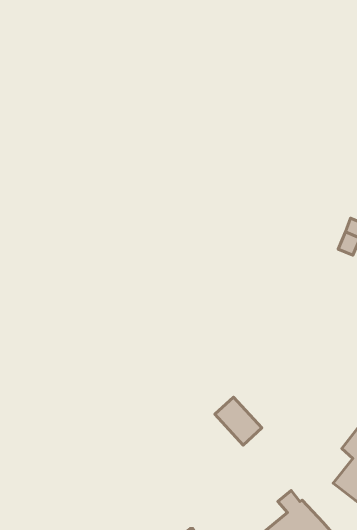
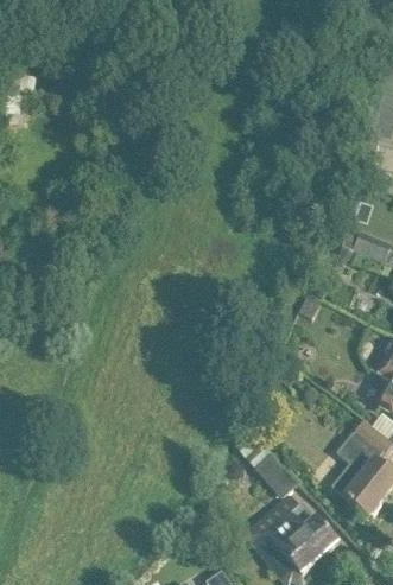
building: [215,397,262,445] -> [255,450,300,496]

